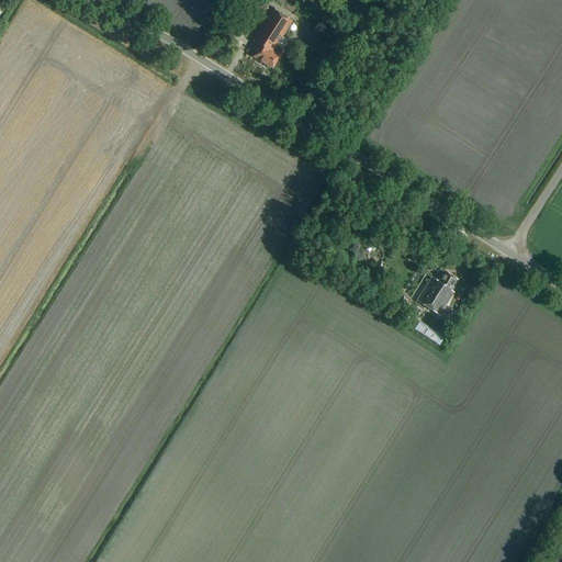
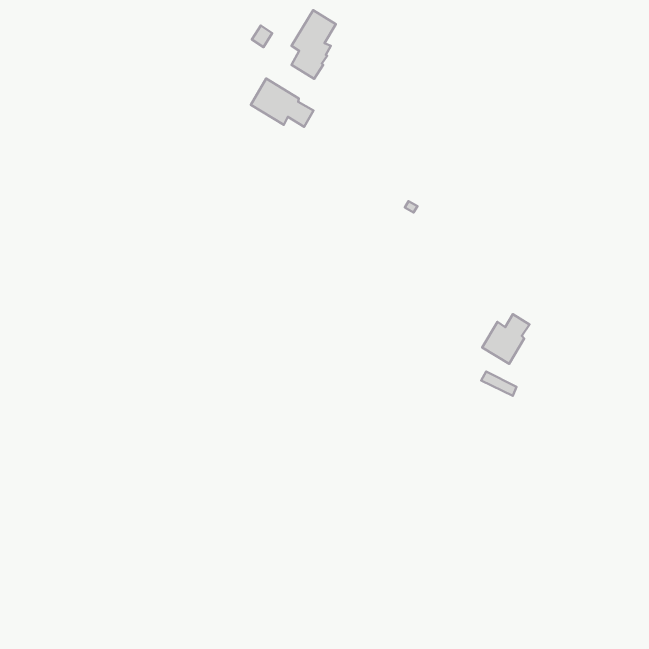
building: none -> [251,79,314,127]

